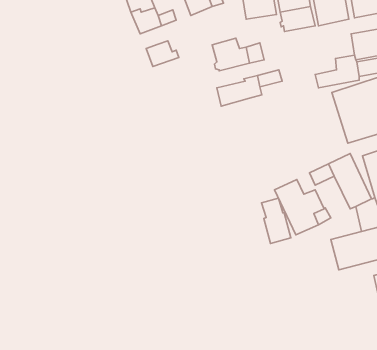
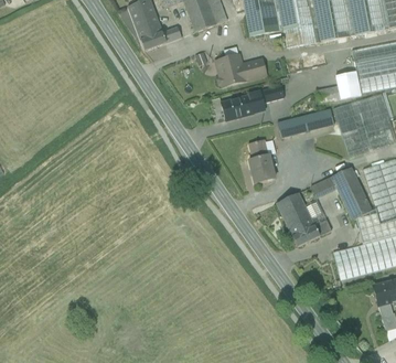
building: [146,41,179,66] -> none
building: none -> [276,109,333,137]
building: [262,198,291,243] -> [246,140,275,184]

